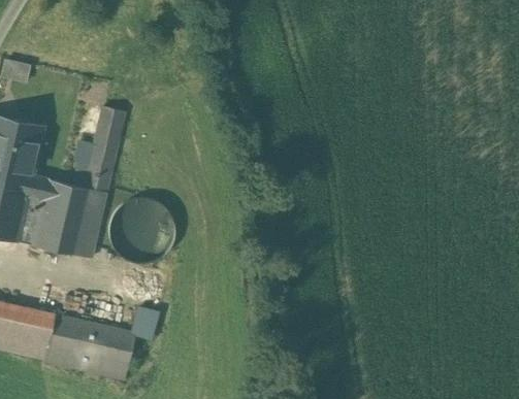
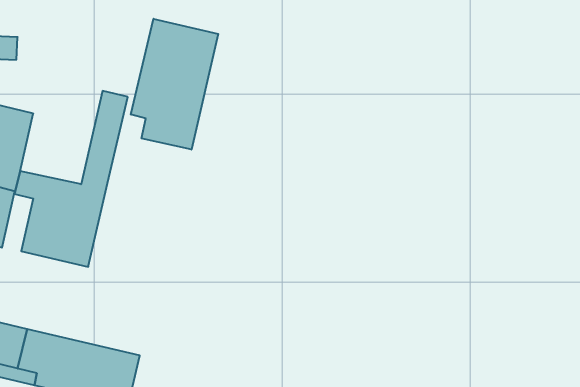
building: none -> [131,19,218,150]
building: [121,198,166,259] -> none
building: [129,303,157,336] -> none

